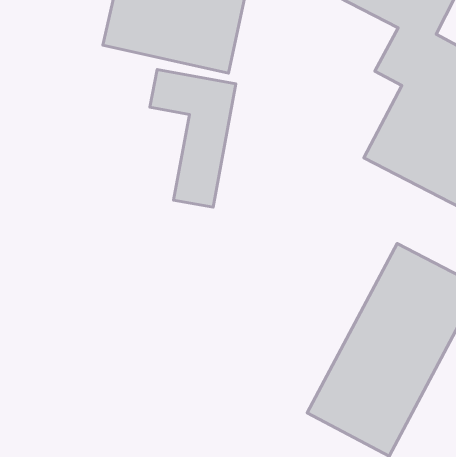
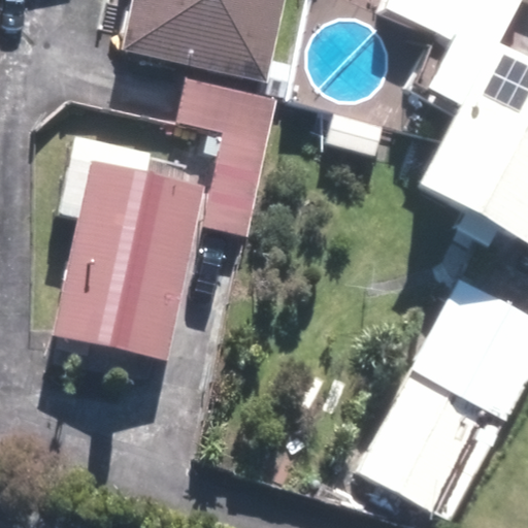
building: none -> [50,161,199,359]

